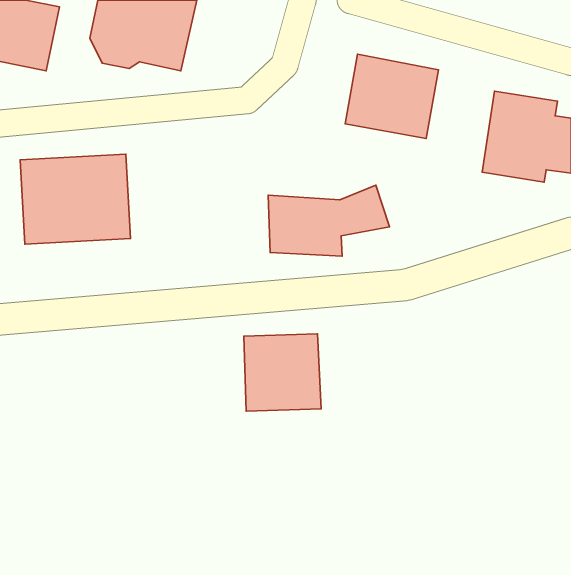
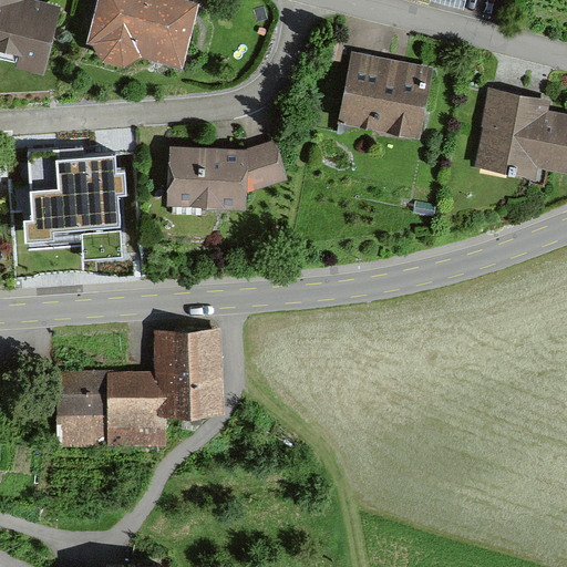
building: [268,185,389,256] -> [171,140,290,209]
building: [244,334,321,411] -> none
building: none -> [56,330,214,445]

